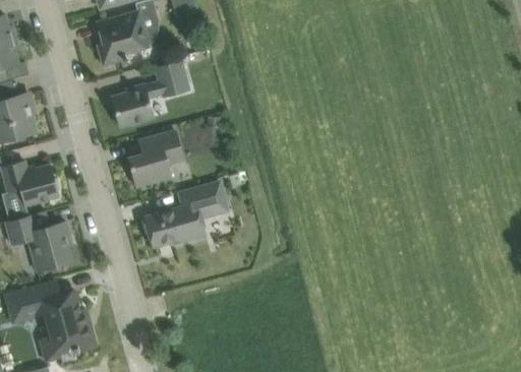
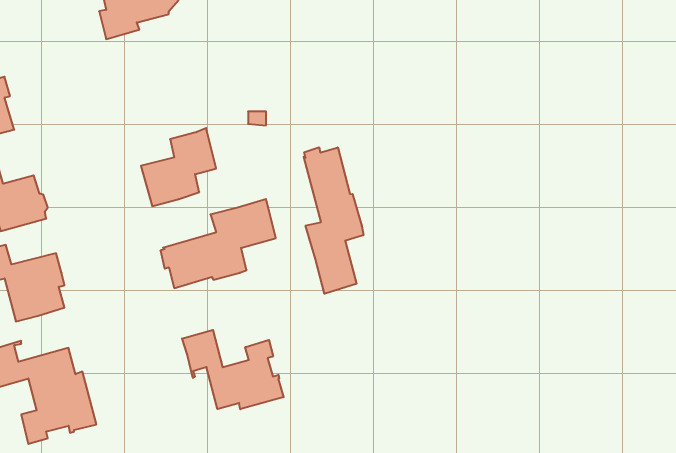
building: [112,60,189,126] -> none
building: none -> [304,147,363,294]
building: none -> [182,330,284,409]

